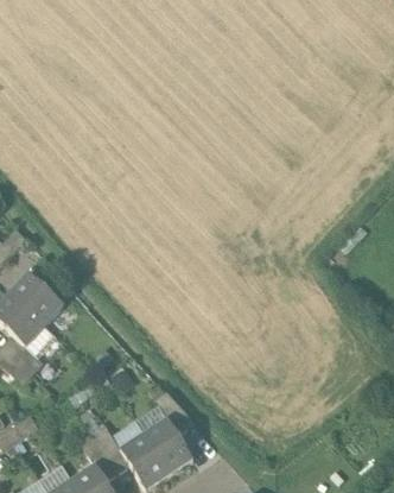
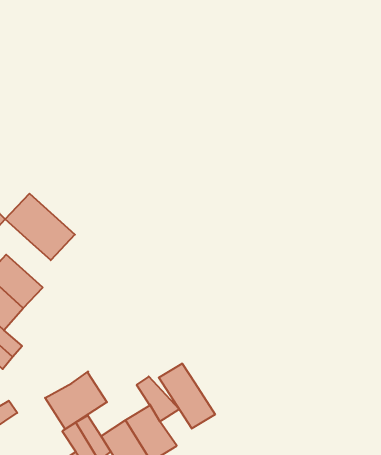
building: none -> [5,194,75,260]
building: none -> [159,363,215,429]
building: none -> [45,371,107,429]

